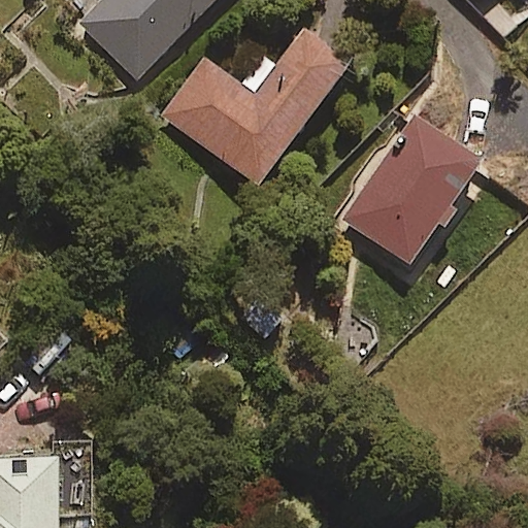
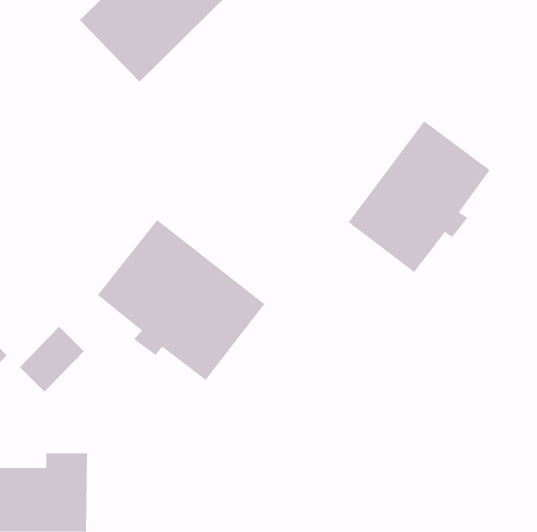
building: [159,31,348,187] -> none
building: none -> [97,219,265,381]

